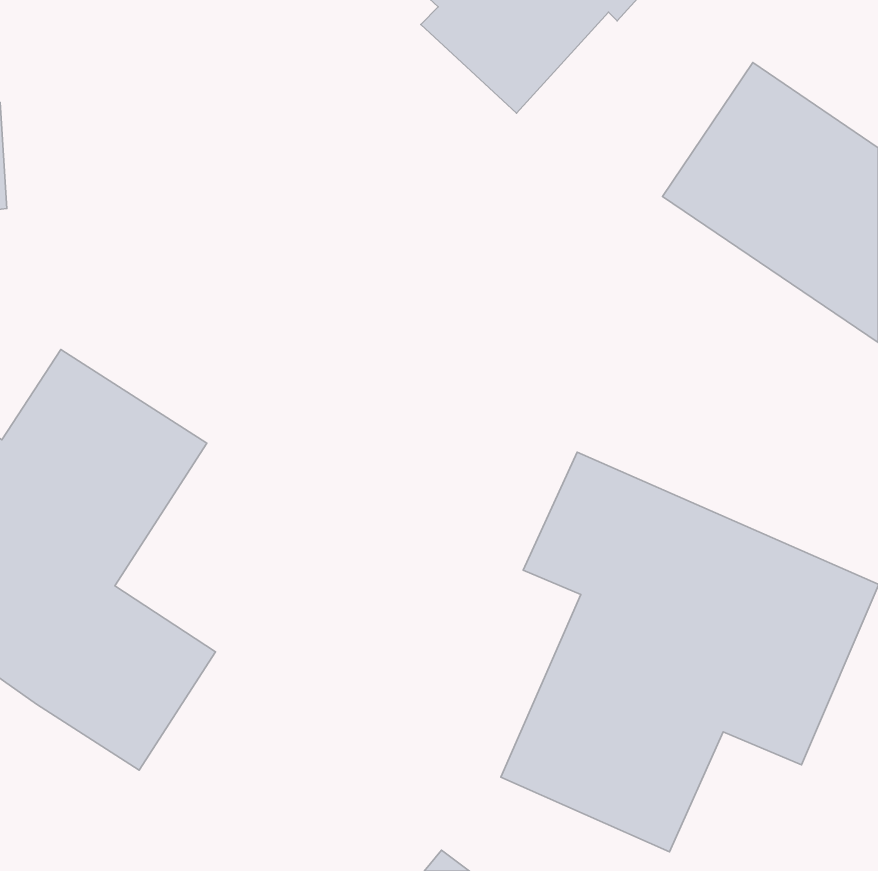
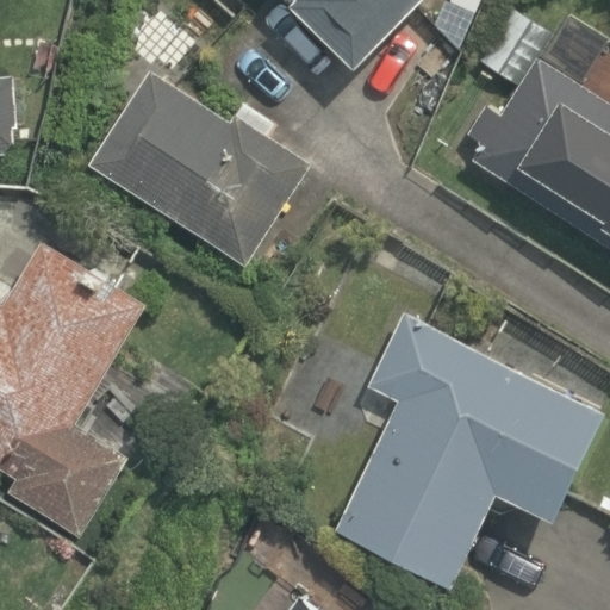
building: none -> [87,76,306,269]

